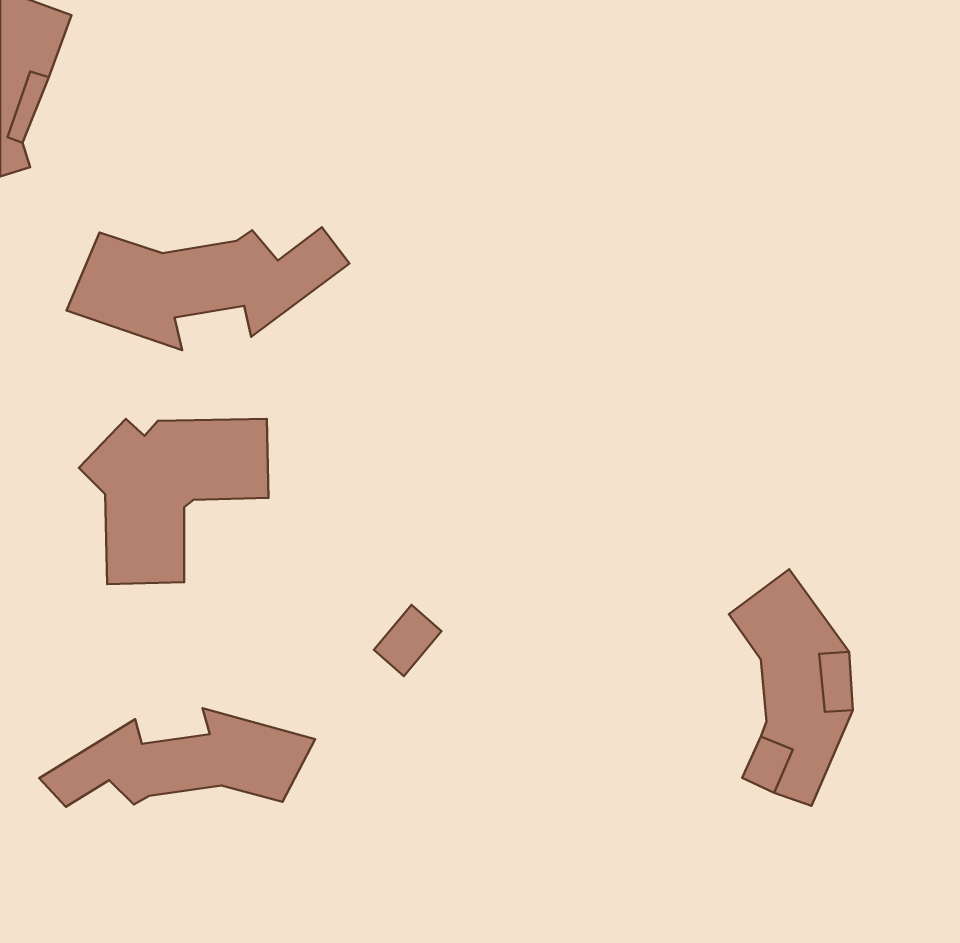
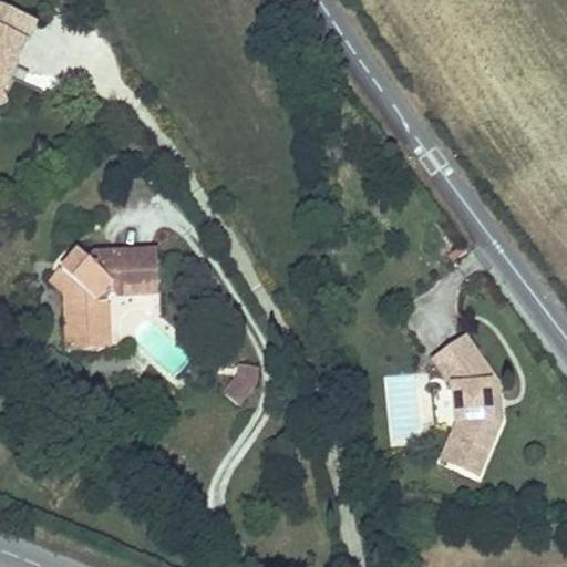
building: [66,227,349,350] -> none
building: [39,708,315,807] -> none

